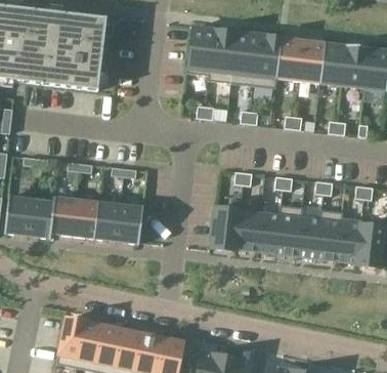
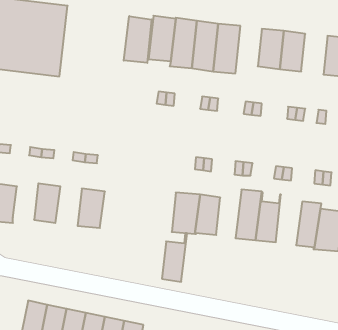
building: none -> [124,16,152,63]
building: [276,38,302,79] -> none
building: [342,45,369,87] -> none
building: [50,196,76,235] -> none
building: [93,201,120,241] -> none
building: [256,204,282,253] -> [162,233,187,282]
building: [316,209,343,260] -> none

